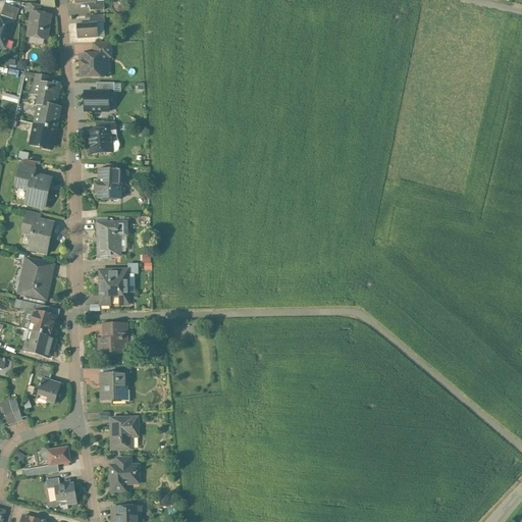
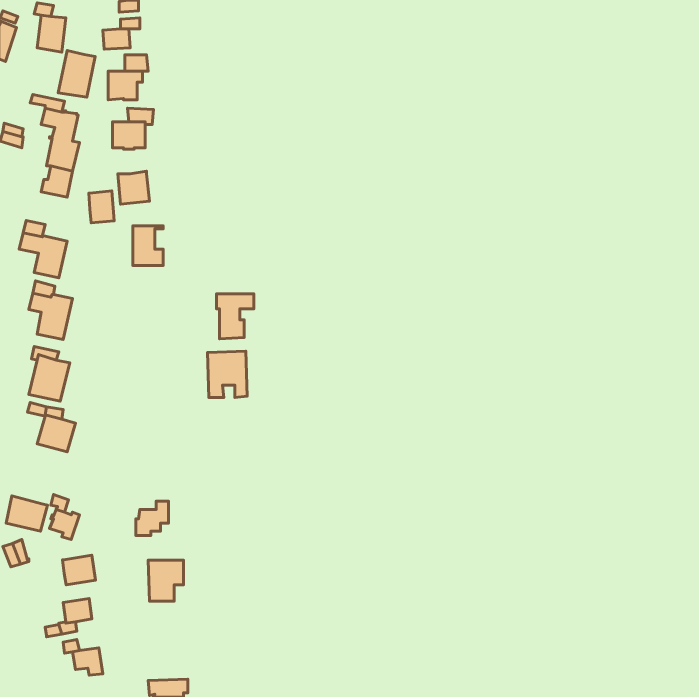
building: none -> [58,50,95,97]
building: none -> [89,191,114,223]
building: [99,222,126,256] -> [217,294,254,339]
building: [99,269,128,304] -> [207,351,247,398]
building: [100,323,126,352] -> none
building: [23,330,54,357] -> [6,496,47,531]
building: none -> [63,555,96,585]
building: [107,465,137,489] -> none

